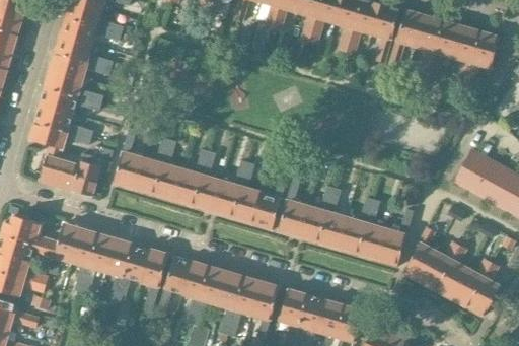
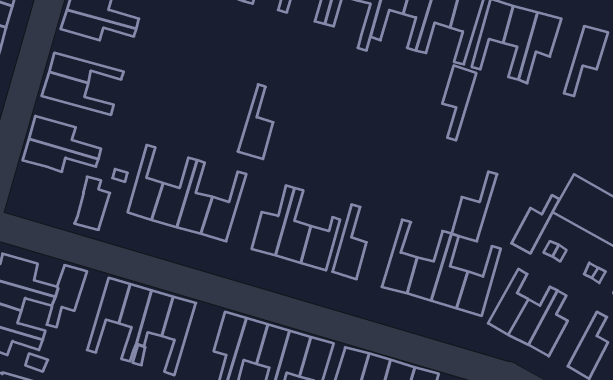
building: [452,26,479,86] -> [442,66,476,140]
building: [55,34,113,69] -> none
building: [40,88,100,114] -> none
building: [40,145,78,186] -> none
building: [193,151,221,211] -> [238,84,273,159]
building: [297,186,333,241] -> [452,172,497,241]
building: [71,229,98,292] -> none
building: [158,257,192,310] -> none
building: [451,259,490,305] -> [511,195,559,253]

